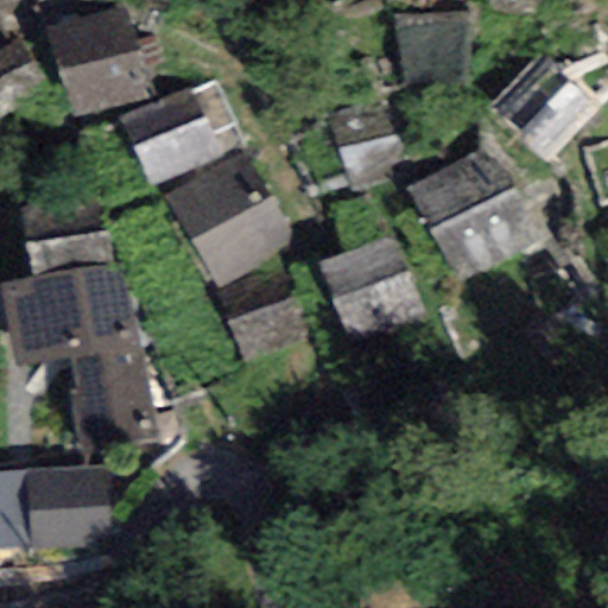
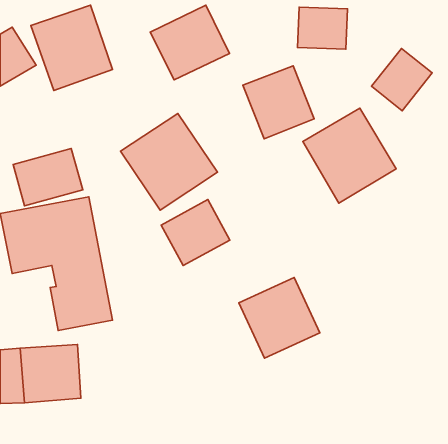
building: [115,87,222,188] -> [150,5,230,80]
building: [318,234,428,343] -> [239,277,320,358]

